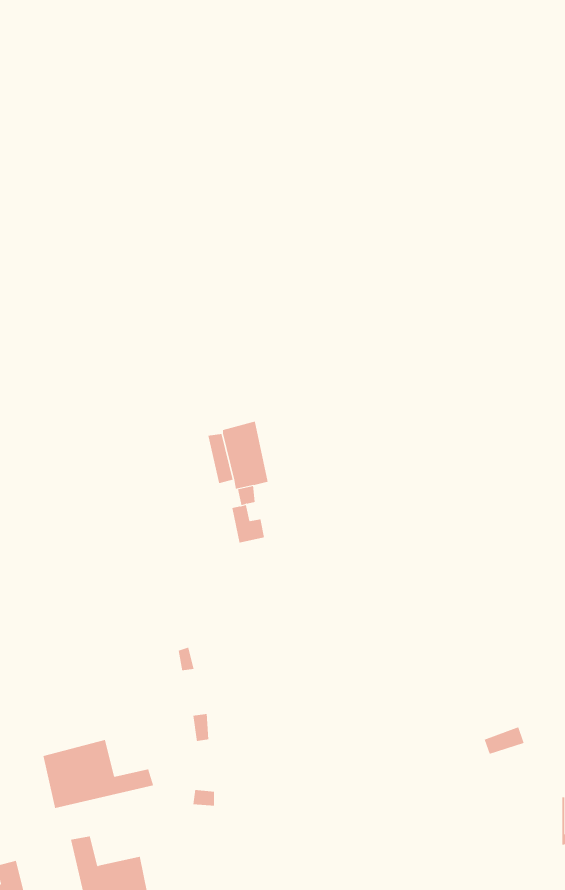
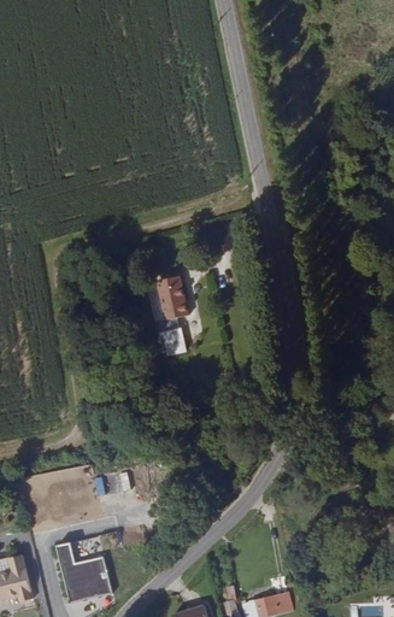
building: [43,739,154,809] -> none

